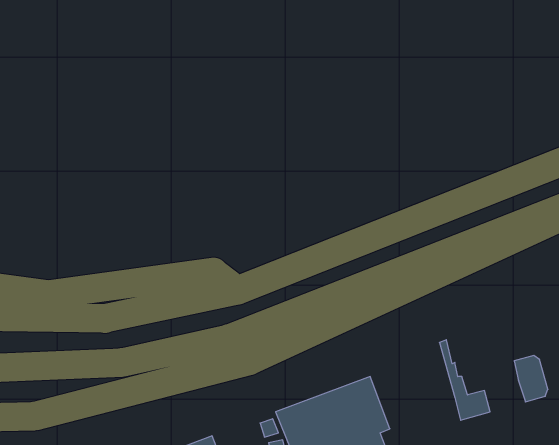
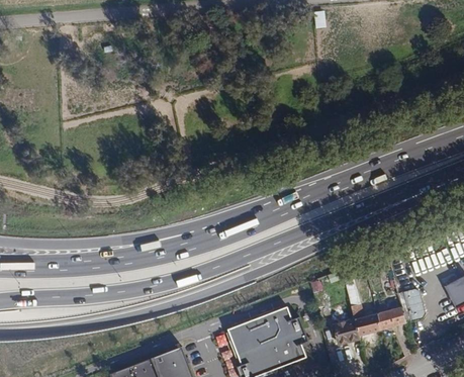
building: none -> [374,304,405,329]
building: none -> [333,319,360,345]

